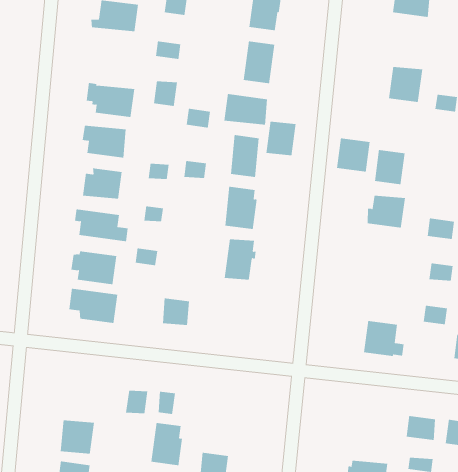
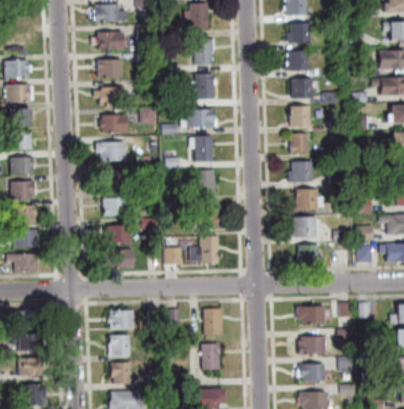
building: none -> [285,51,308,71]
building: none -> [94,87,123,106]
building: [266,121,296,156] -> none
building: [336,138,371,172] -> [290,106,310,126]
building: none -> [292,189,324,210]
building: none -> [291,217,316,238]
building: none -> [190,236,218,265]
building: none -> [108,310,134,330]
building: none -> [296,307,324,325]
building: [151,423,183,466] -> [204,309,223,335]

